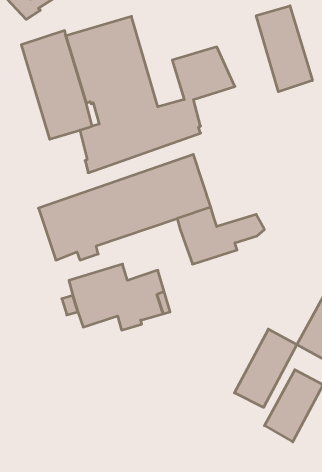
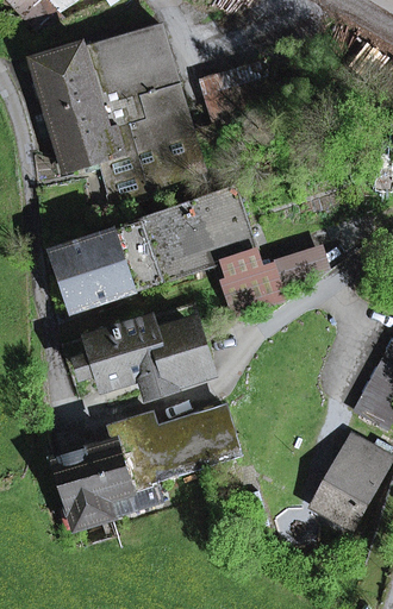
building: [256,6,312,92] -> none
building: [234,329,297,407] -> none
building: none -> [50,404,237,525]

